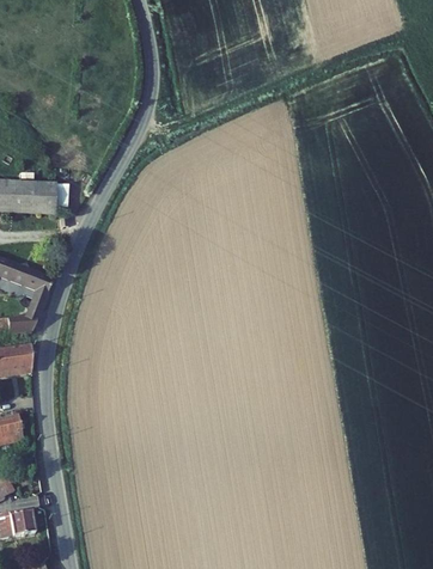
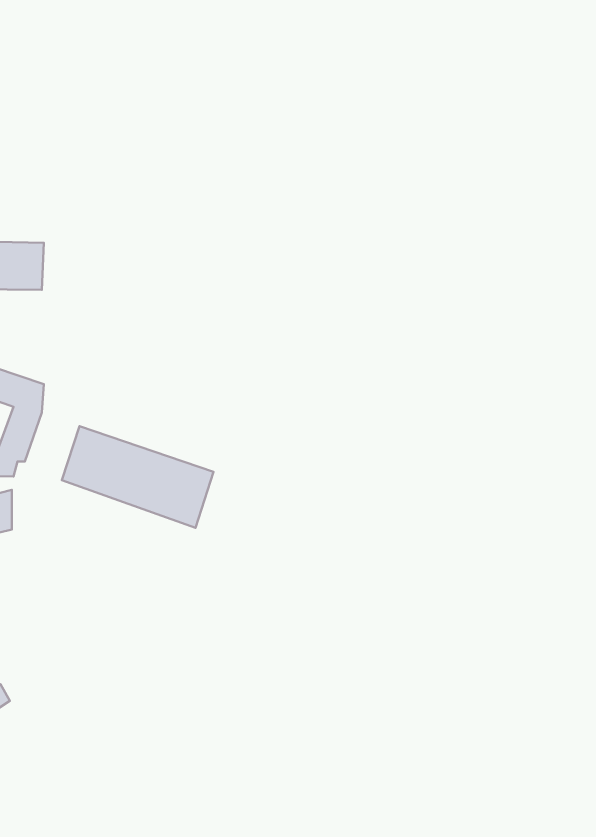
building: none -> [62,426,214,528]

